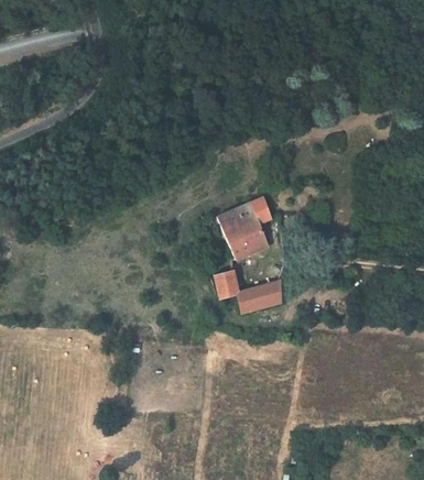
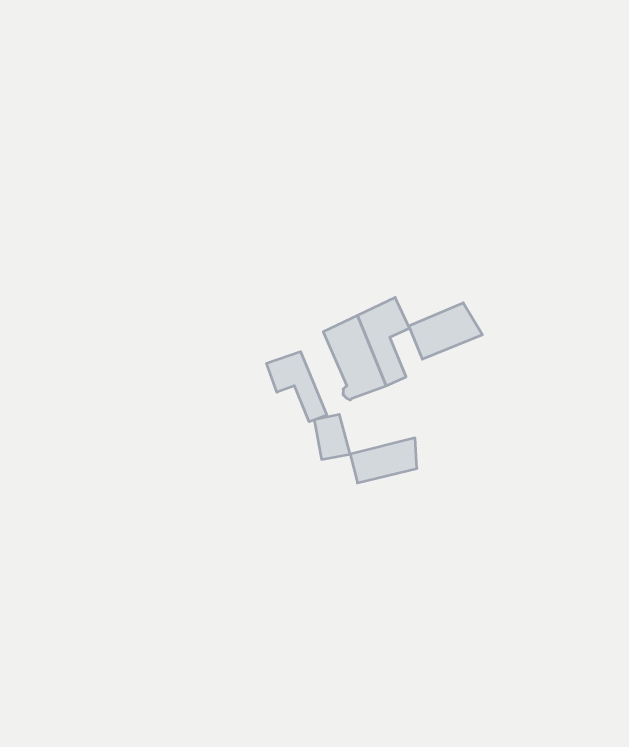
building: none -> [409,303,482,359]
building: none -> [267,352,327,422]

